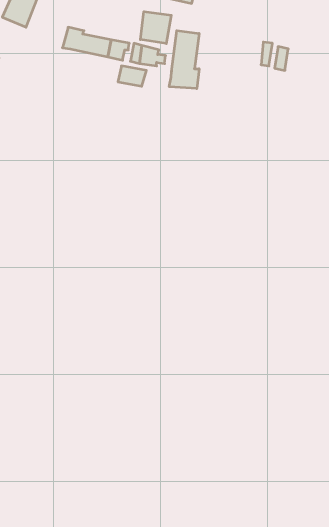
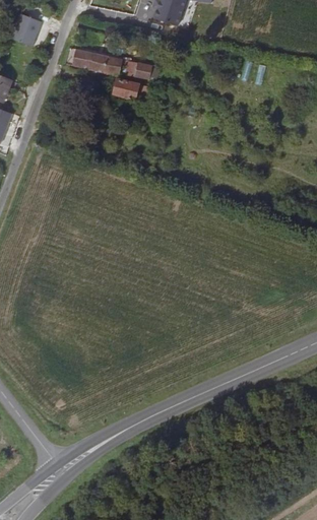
building: [140,12,171,44] -> none
building: [169,31,199,89] -> none

